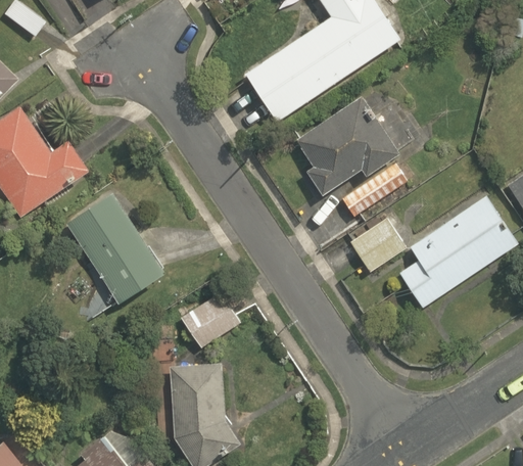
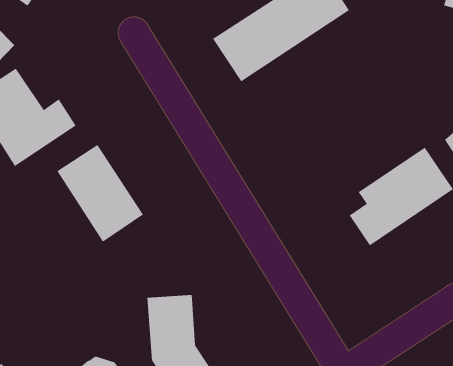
building: [294,95,408,218] -> none
building: [348,218,406,272] -> none
building: [181,292,239,347] -> none

